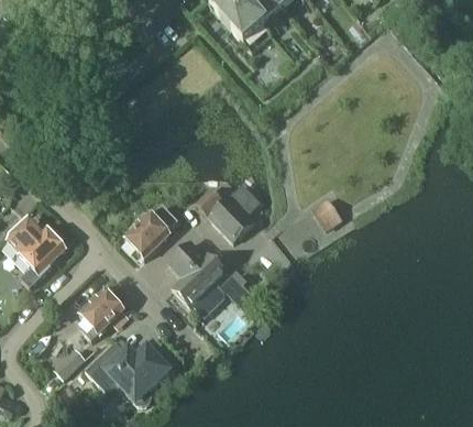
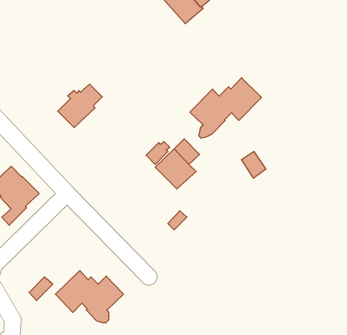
building: none -> [190,78,261,138]
building: [125,205,179,258] -> [58,84,102,128]
building: [169,240,229,315] -> none
building: [80,288,125,339] -> none

